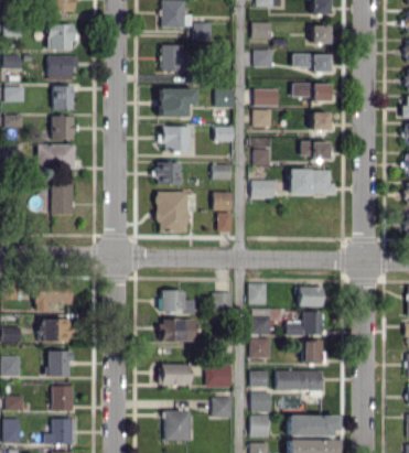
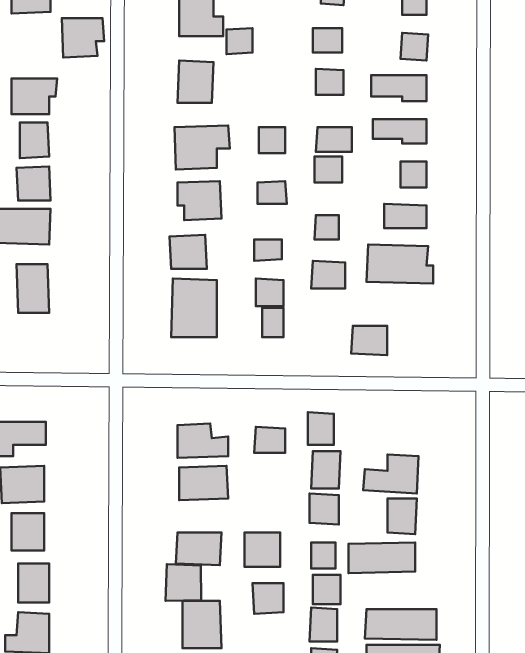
building: [47,24,76,51] -> [62,18,104,57]
building: [299,287,323,306] -> [351,326,387,355]
building: none -> [165,564,201,601]

